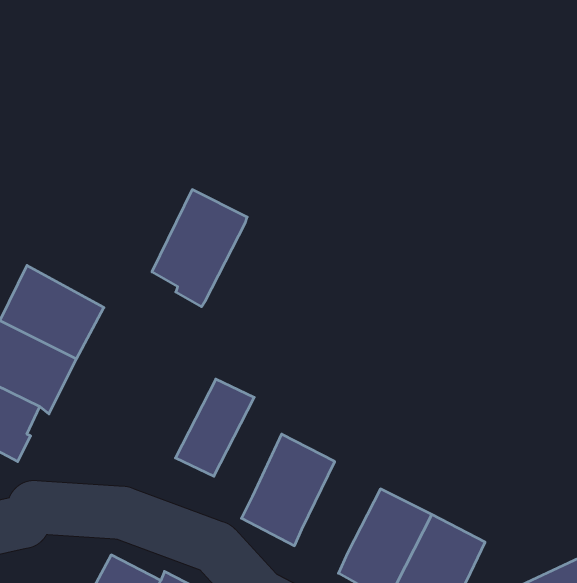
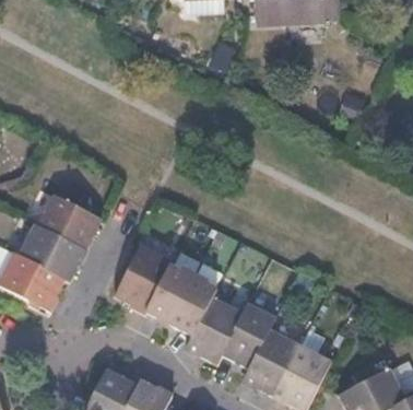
building: [152,190,247,307] -> [111,241,168,311]
building: none -> [166,271,213,330]
building: none -> [219,300,271,364]

